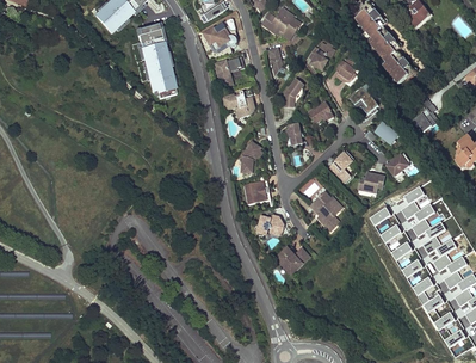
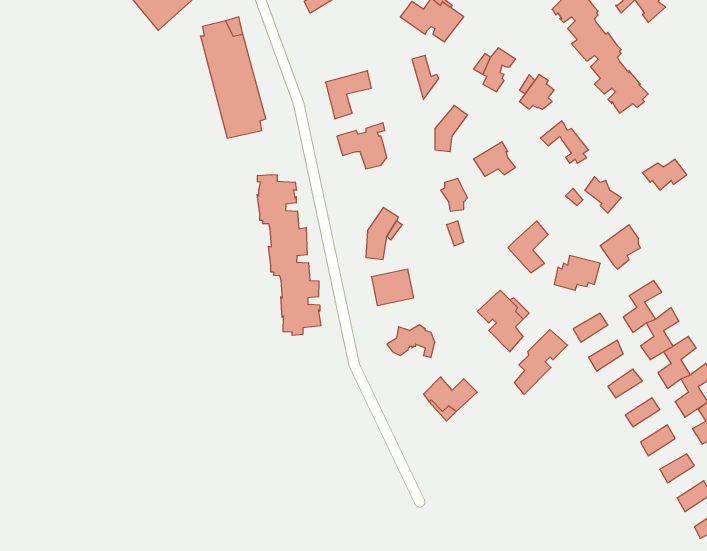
building: [202,23,236,49] -> none
building: none -> [257,175,321,335]
building: none -> [514,330,568,394]

